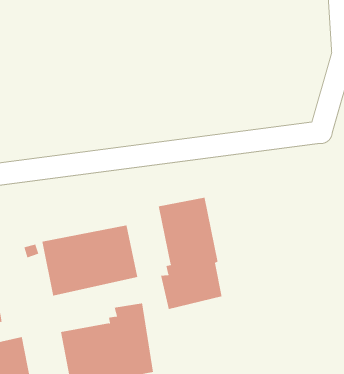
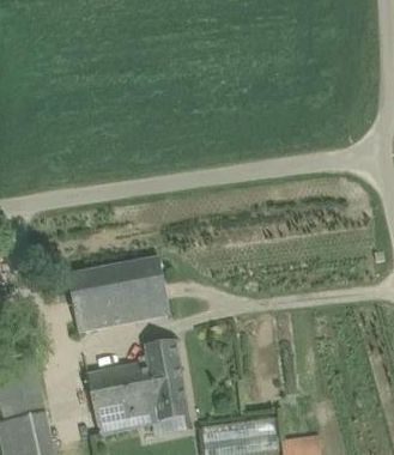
building: [158,197,222,310] -> none

